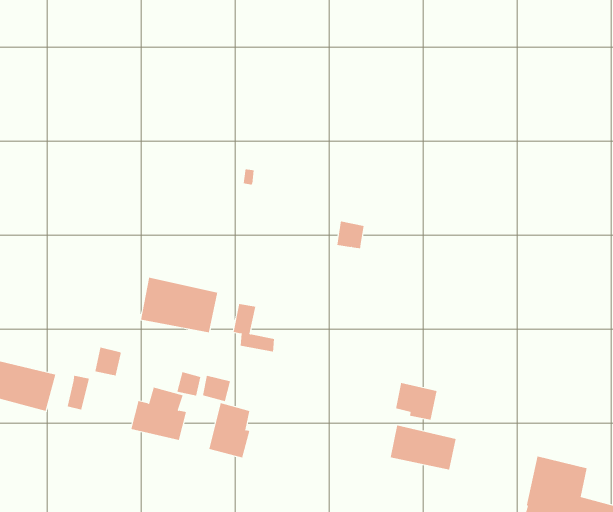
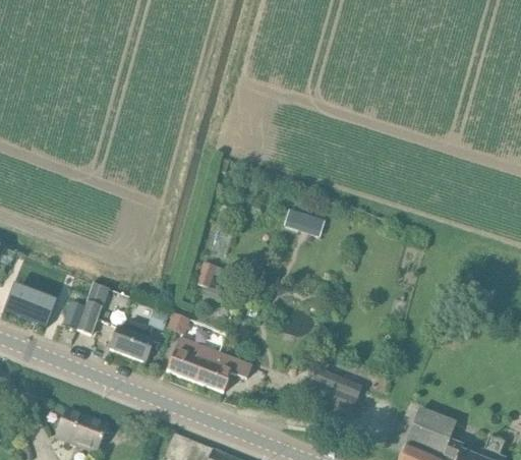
building: [141,277,218,333] -> none
building: none -> [74,300,102,335]
building: [395,382,437,421] -> none
building: none -> [193,345,253,392]

